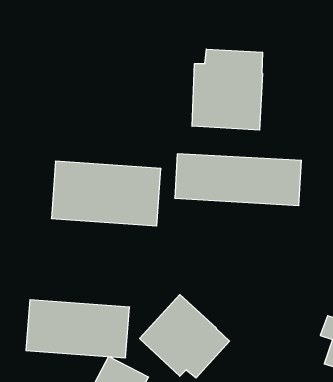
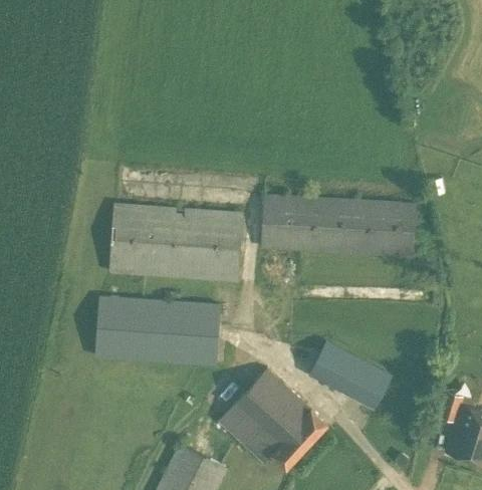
building: [192,49,263,130] -> none
building: none -> [309,340,405,419]
building: [26,300,130,358] -> [94,295,222,366]

